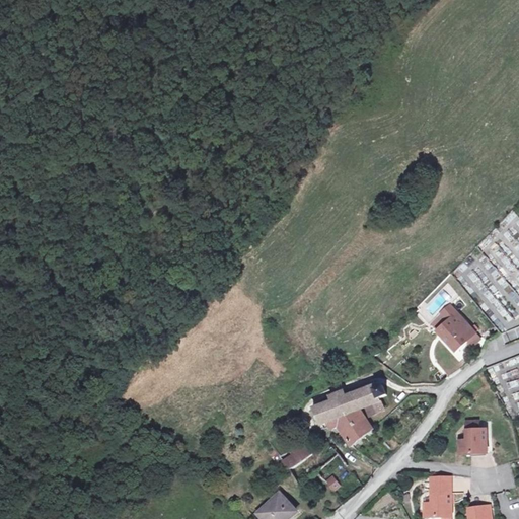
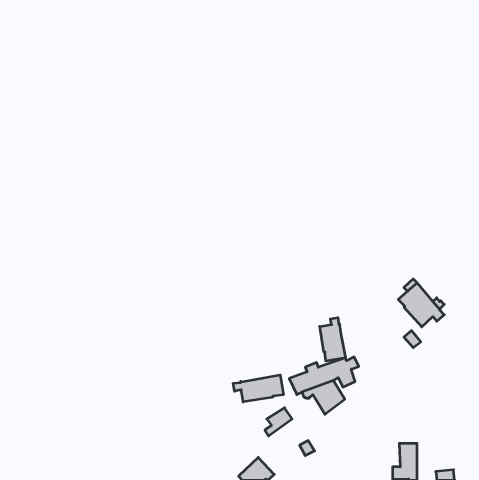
building: none -> [320,318,345,361]
building: none -> [233,375,283,402]
building: [459,422,487,454] -> none

